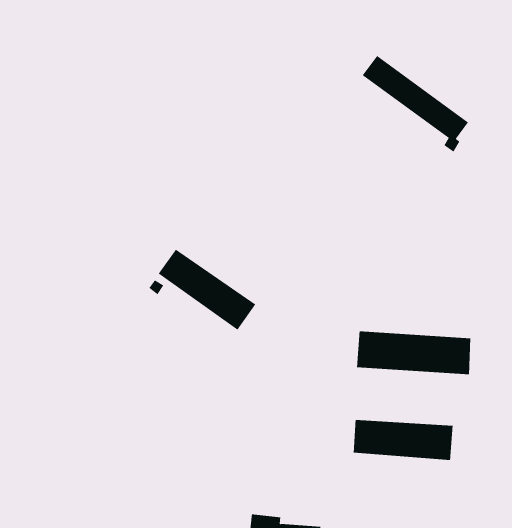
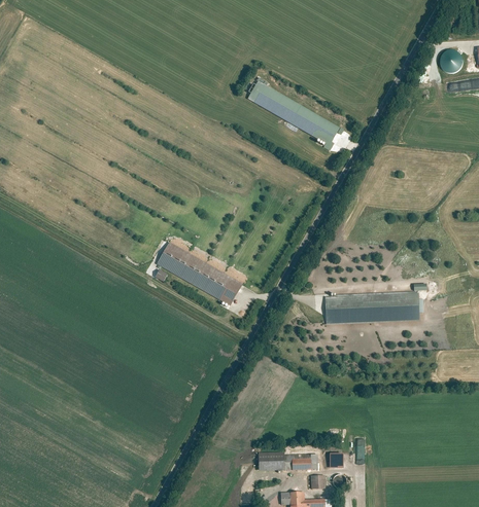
building: [362,55,469,153] -> [248,82,339,154]
building: [353,419,453,461] -> none

